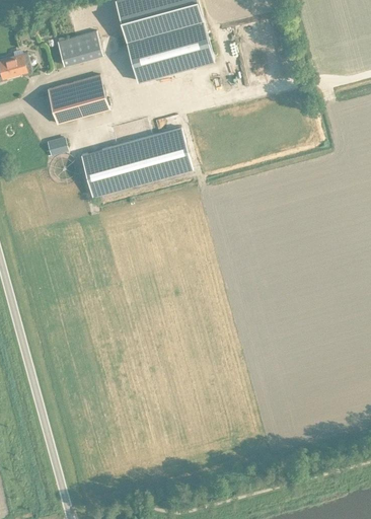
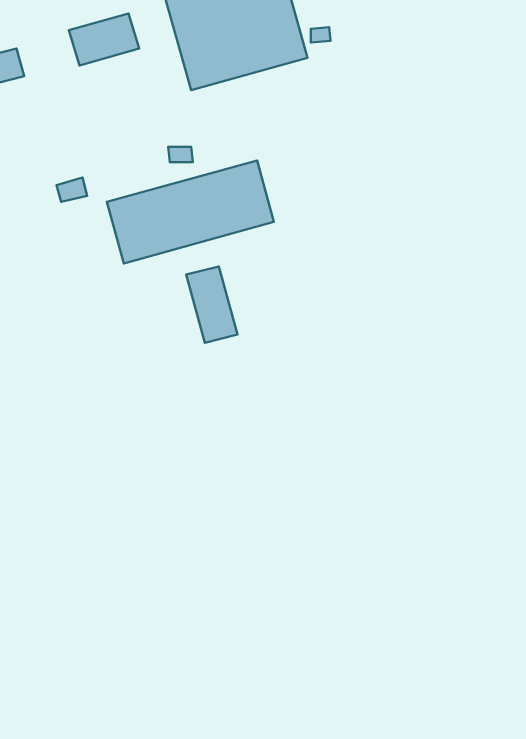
building: [47,74,108,124] -> none
building: none -> [186,266,238,343]

